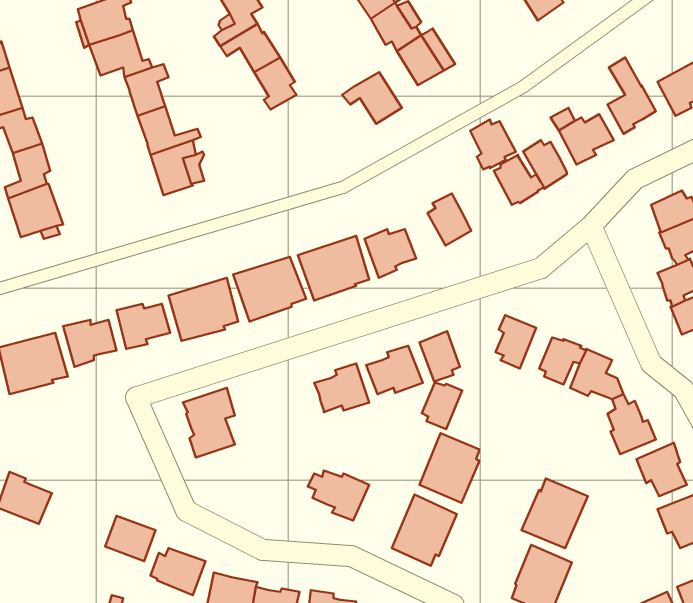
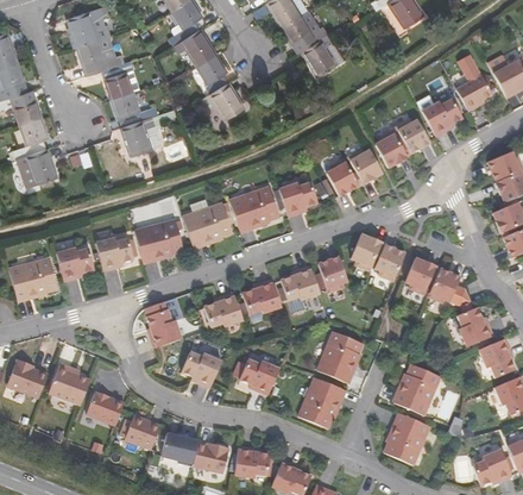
building: [342,72,402,124] -> [200,82,244,120]
building: [470,119,516,170] -> [346,145,379,182]
building: none -> [202,293,242,328]
building: [422,382,462,429] -> [346,236,376,270]
building: none -> [181,350,221,388]
building: none -> [48,363,90,406]

